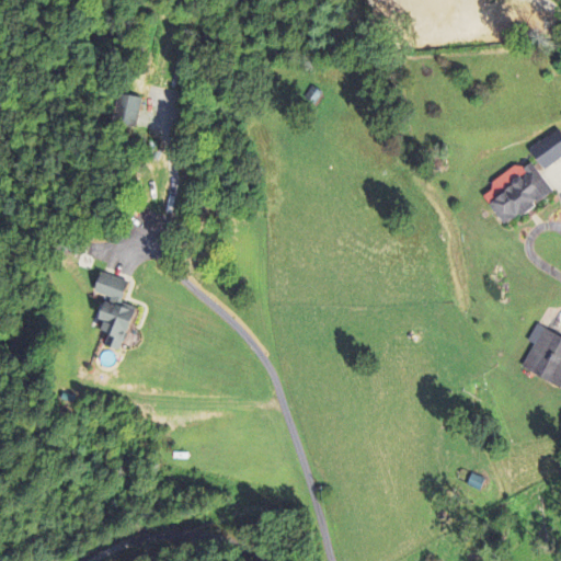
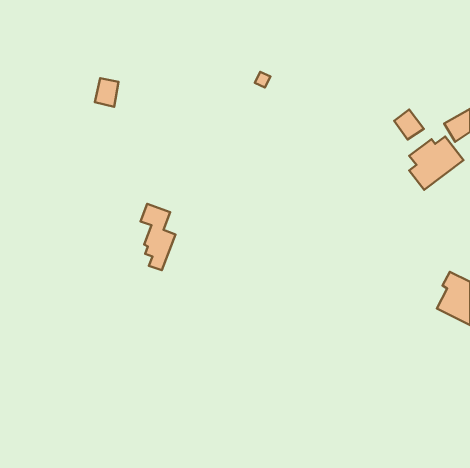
building: none -> [394,109,424,140]
building: [93,271,135,350] -> [141,204,176,270]

